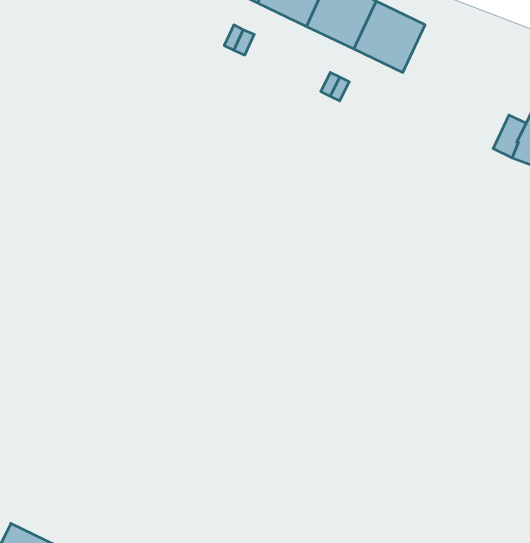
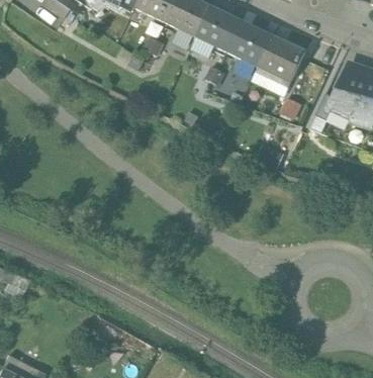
building: none -> [258,35,305,82]

